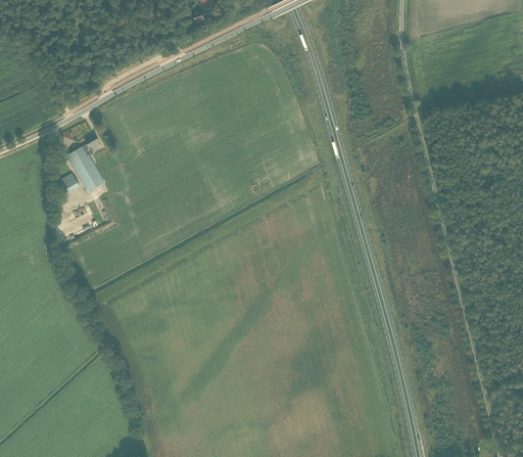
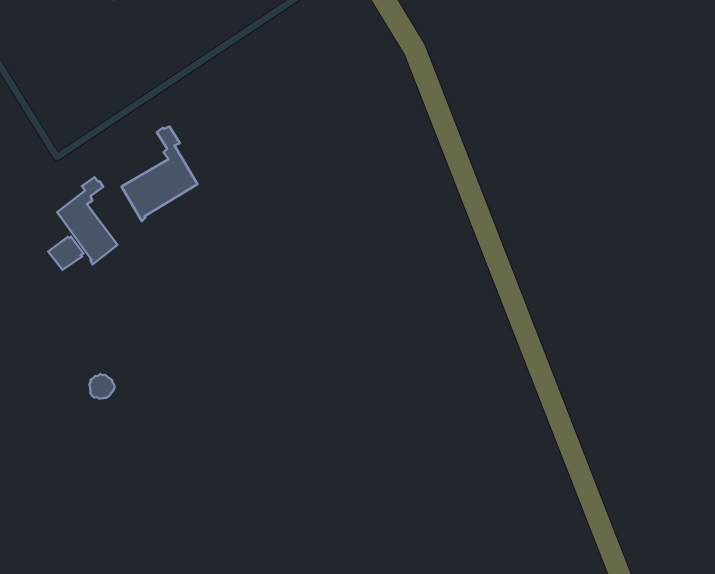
building: none -> [122,126,197,221]

